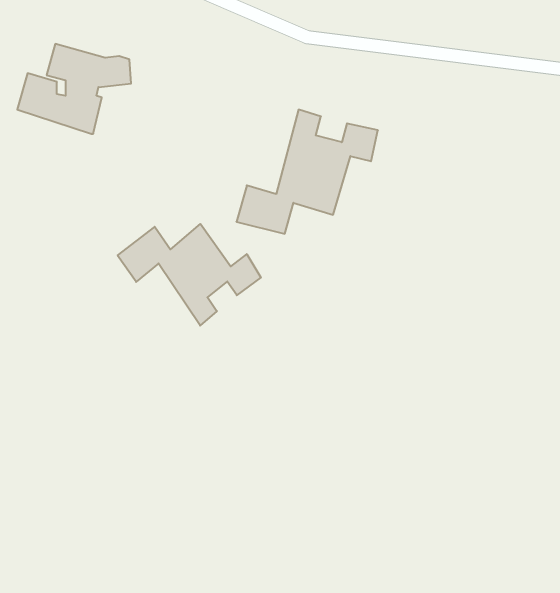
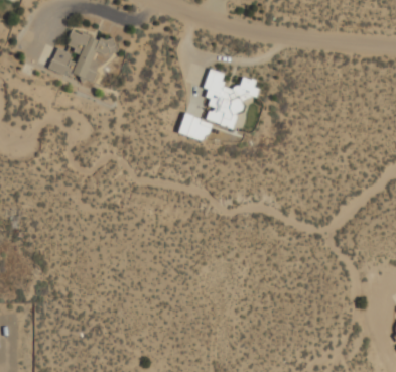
building: [118,224,261,326] -> none

